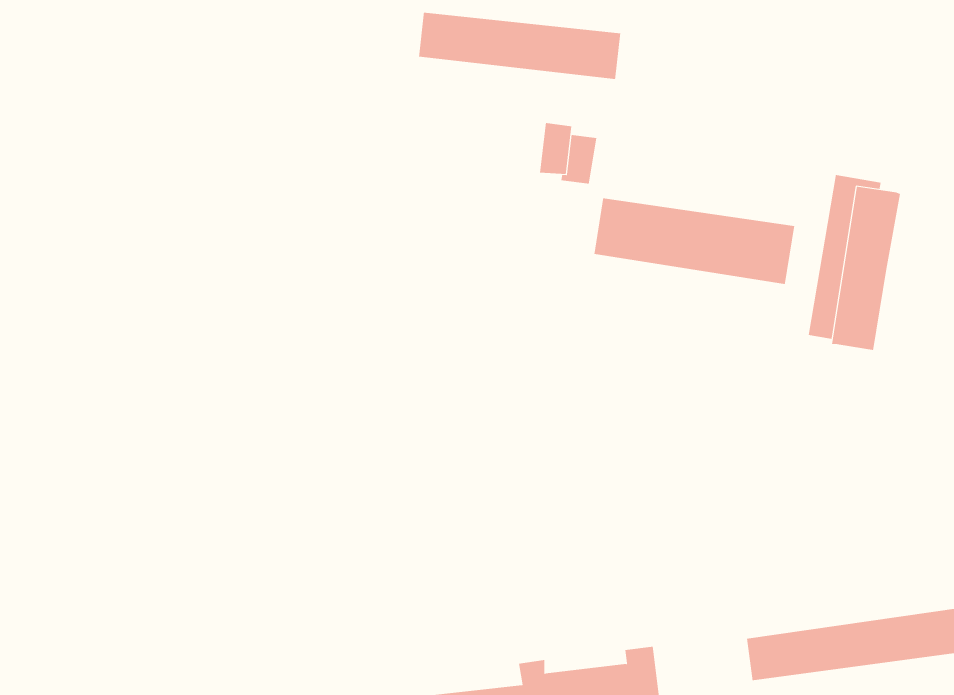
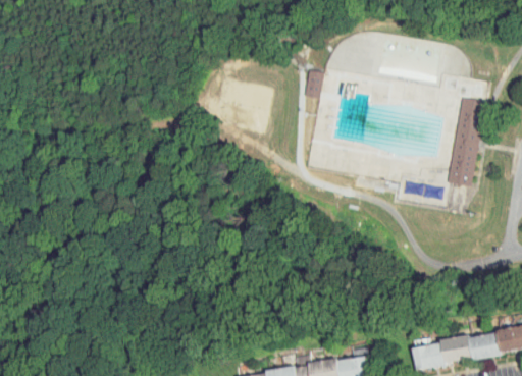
building: [419,12,621,80] -> none
building: [594,198,795,285] -> none

